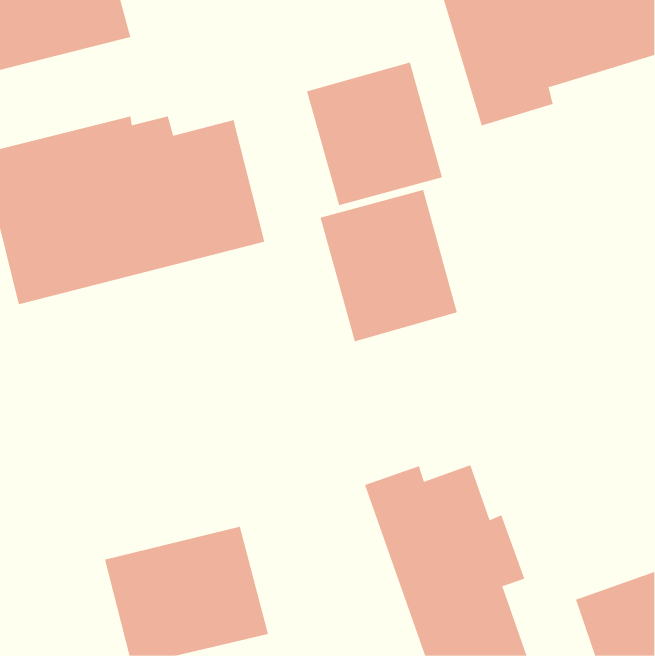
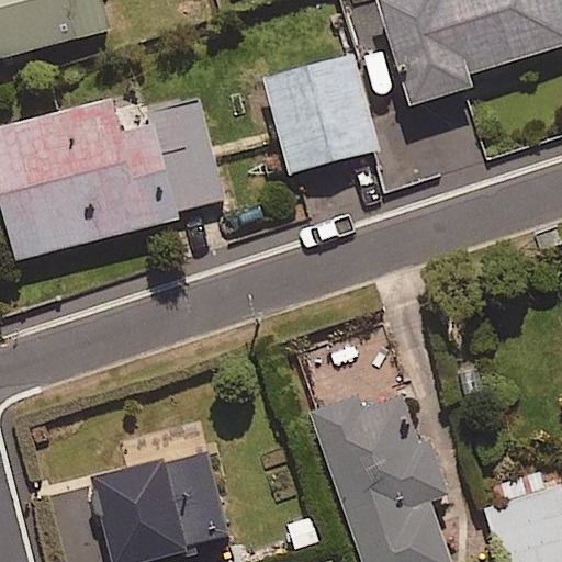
building: [320,189,458,342] -> none

